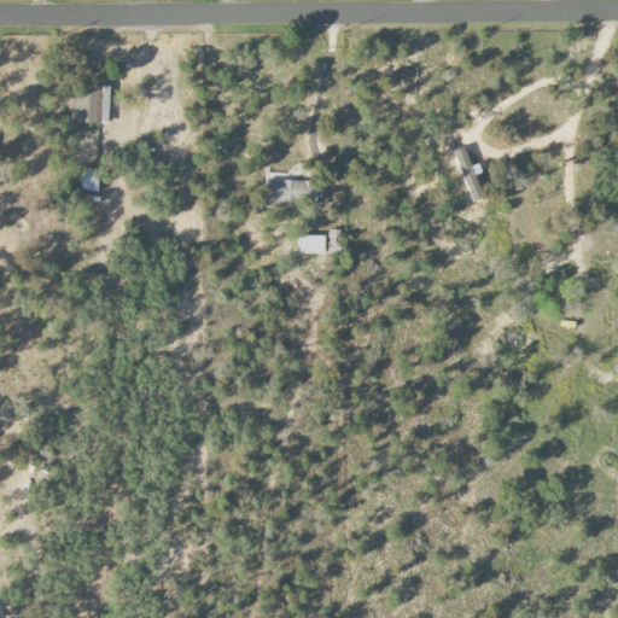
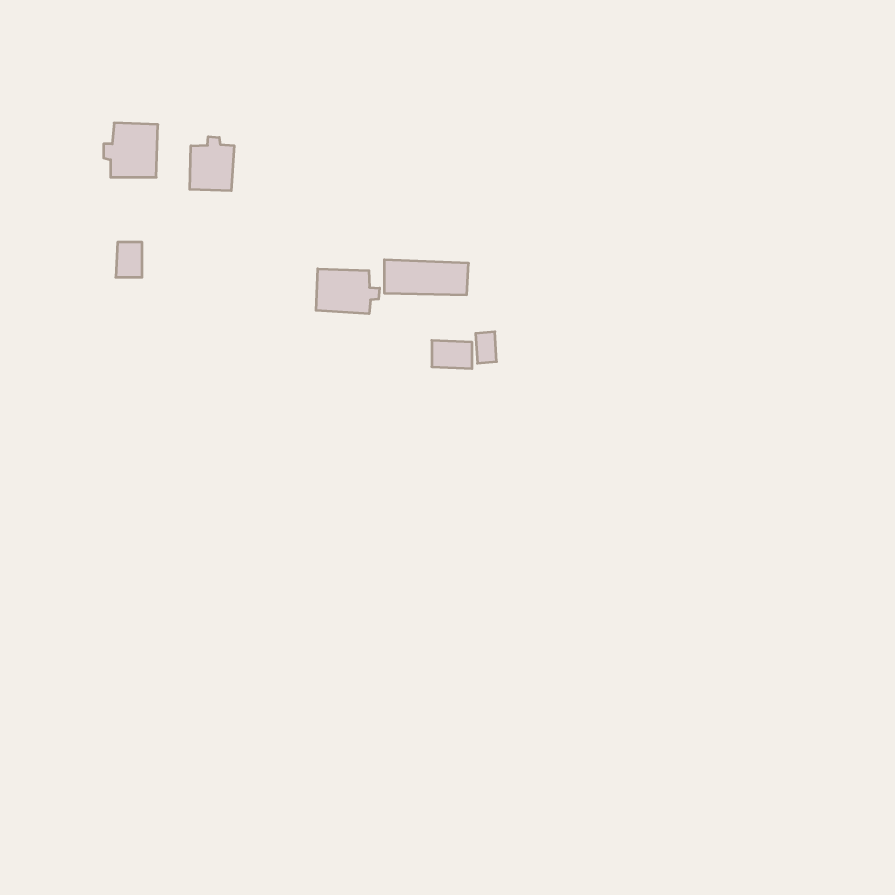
building: none -> [190,137,234,191]
building: none -> [316,269,380,314]

